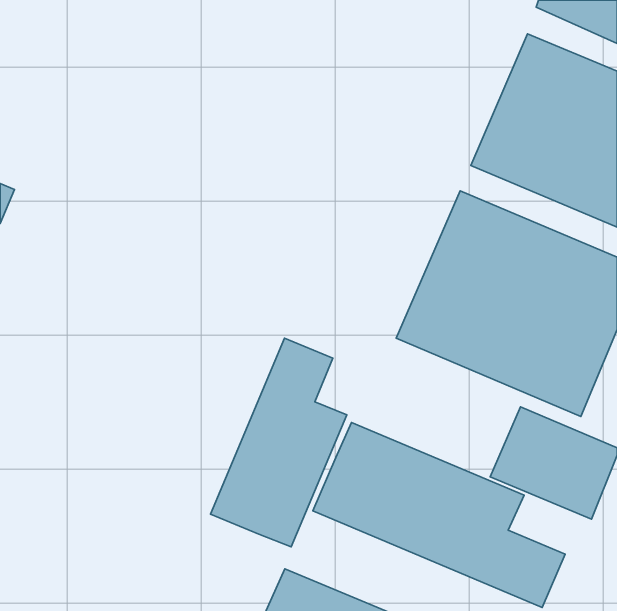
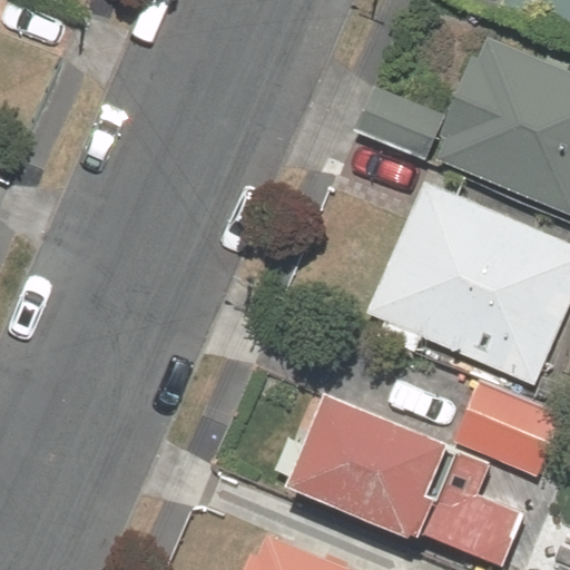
building: [210,338,347,547] -> none

